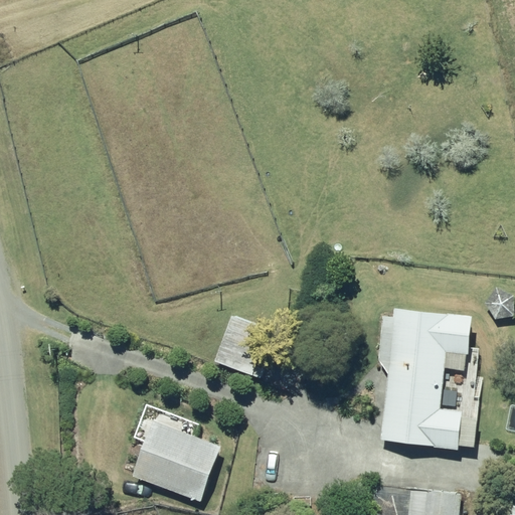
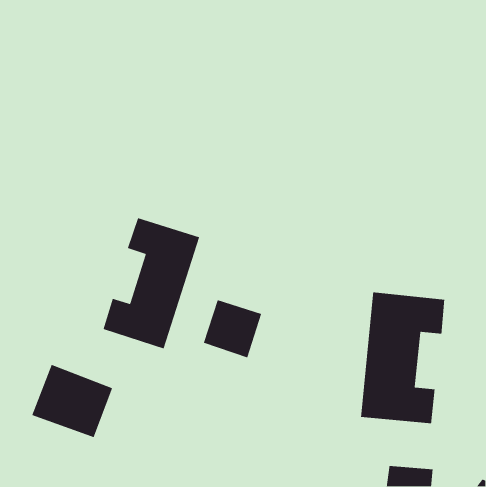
building: none -> [103,217,200,349]
building: [133,421,219,500] -> [31,364,113,438]

